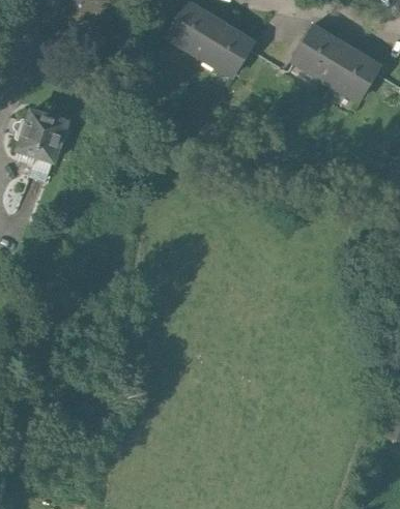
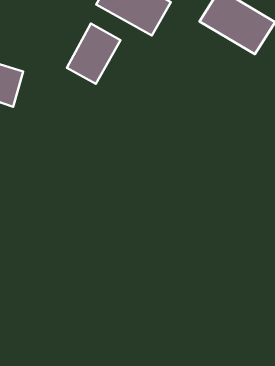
building: none -> [67,24,120,84]

